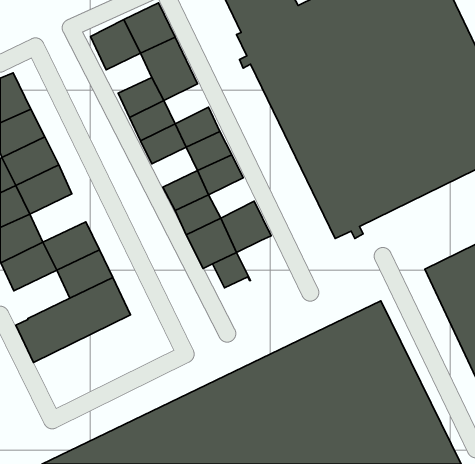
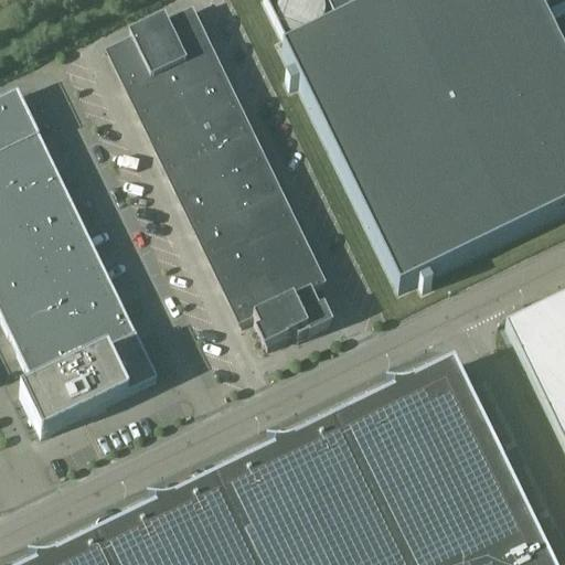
building: none -> [127,63,181,110]
building: none -> [195,99,248,147]
building: none -> [181,174,235,222]
building: none -> [248,211,302,258]
building: none -> [36,230,103,287]
building: none -> [281,285,327,332]
building: none -> [18,320,84,377]

